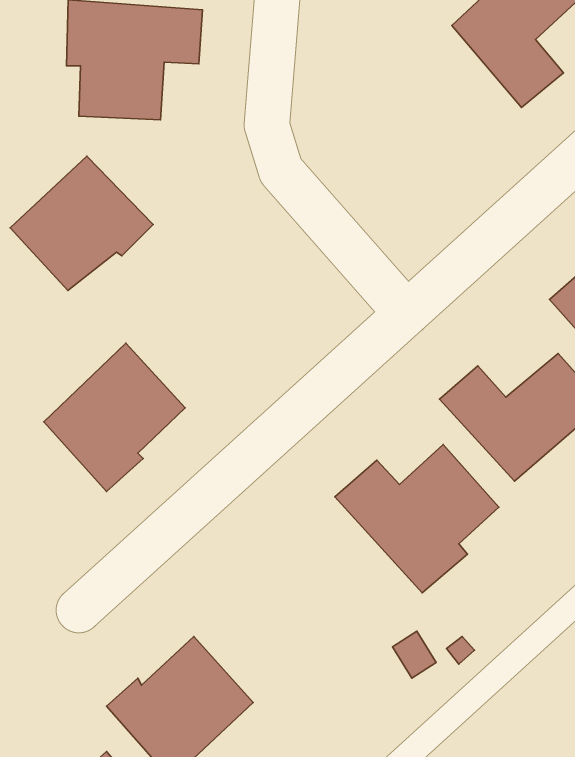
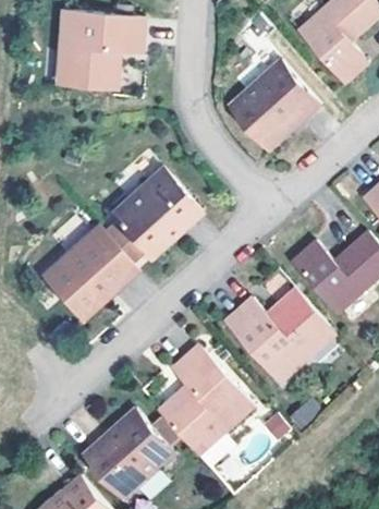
building: none -> [229,56,321,145]
building: [10,156,153,291] -> [111,169,200,253]
building: none -> [159,348,254,451]

